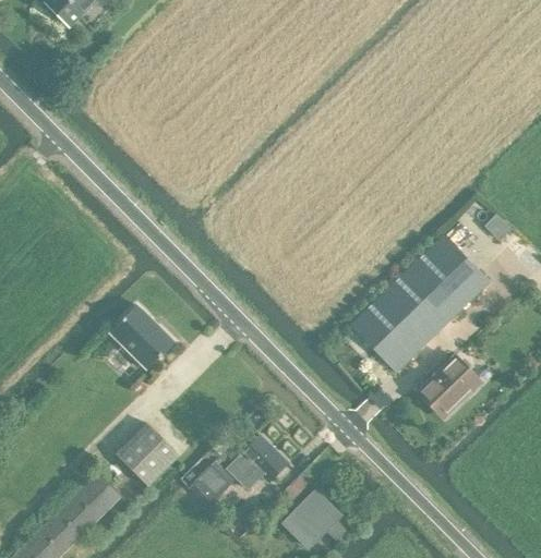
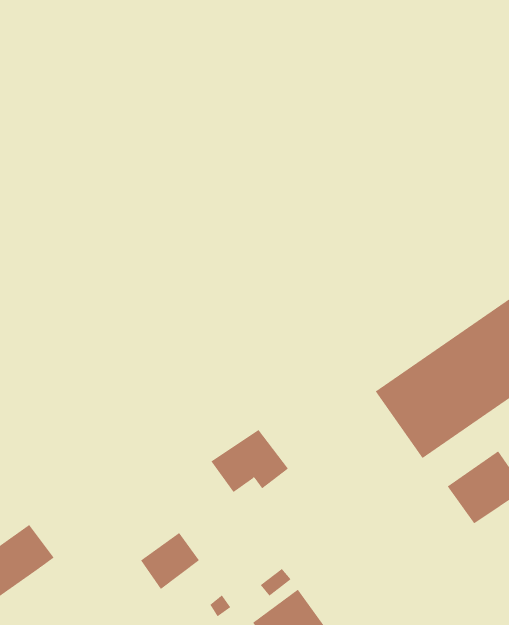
building: [109,304,175,369] -> none
building: [117,423,179,485] -> none
building: [226,435,288,488] -> [211,429,289,493]

